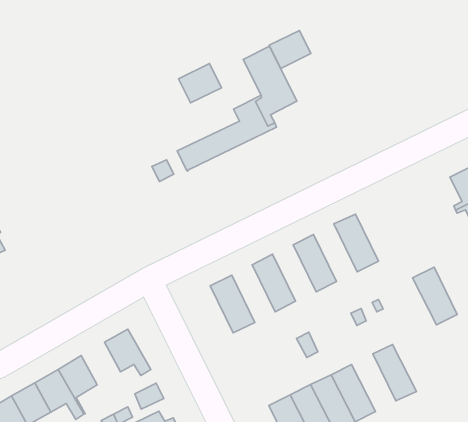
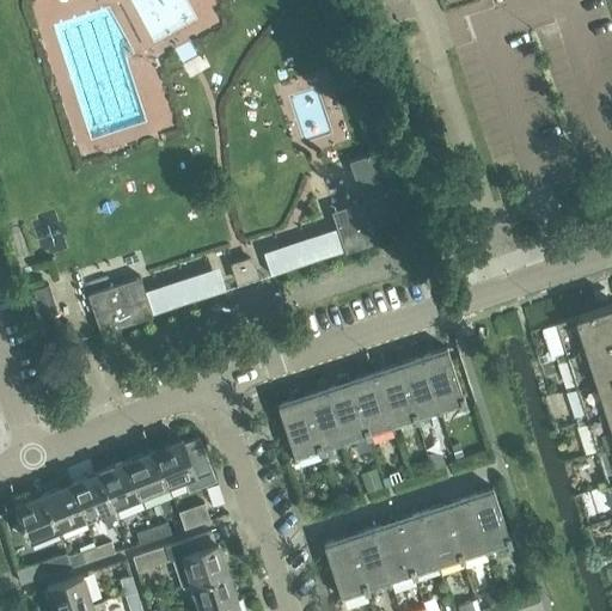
building: [269,30,311,68] -> none
building: [179,64,222,103] -> none
building: none -> [87,269,226,336]
building: none -> [399,358,441,421]
building: none -> [351,374,393,436]
building: none -> [304,390,345,453]
building: [413,267,457,325] -> [469,490,512,554]
building: none -> [127,452,167,497]
building: none -> [421,506,464,569]

